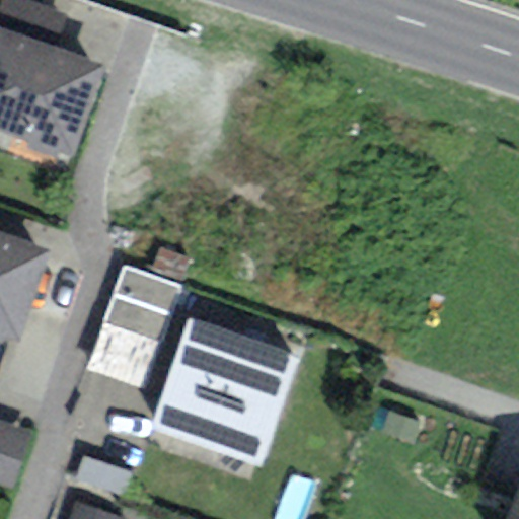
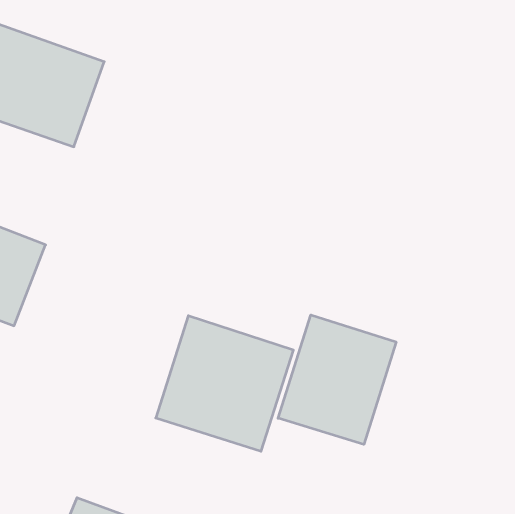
building: [91,269,177,385] -> none
building: none -> [278,315,396,444]

